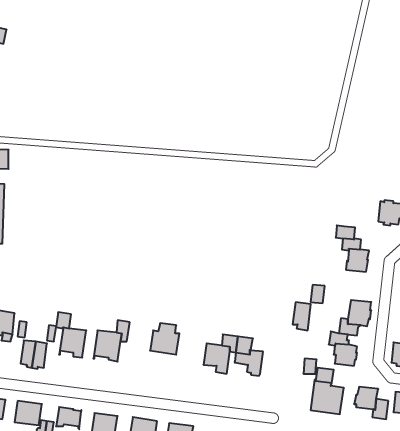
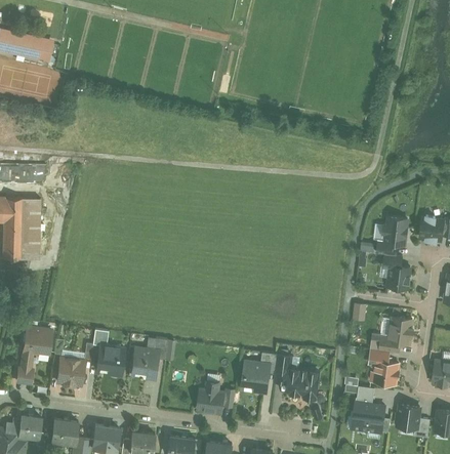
building: none -> [383,215,408,243]
building: [293,302,311,330] -> [300,368,319,397]
building: [150,323,179,355] -> [195,381,224,413]

